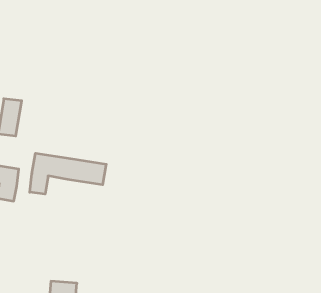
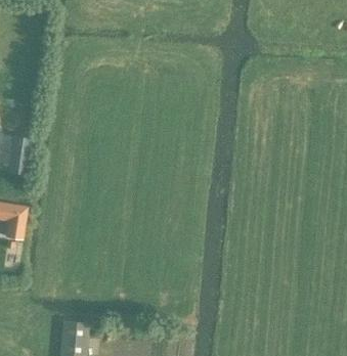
building: [30,153,106,194] -> none

